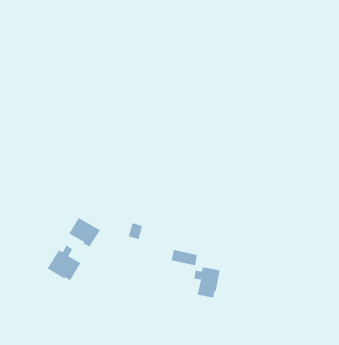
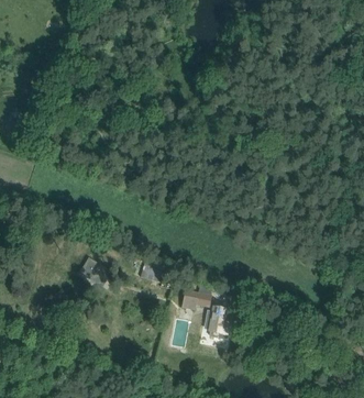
building: [47,245,81,281] -> none

